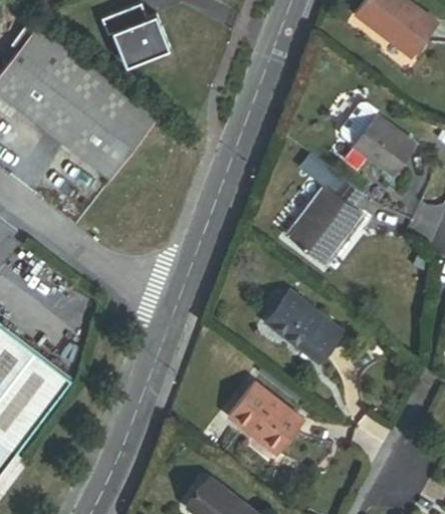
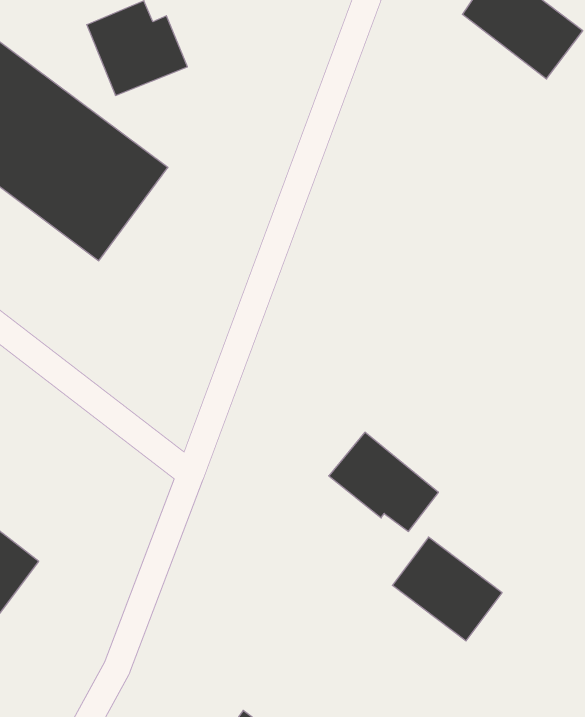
building: [353,116,413,175] -> none
building: [289,159,365,264] -> none
building: [228,384,301,454] -> [392,537,502,641]

